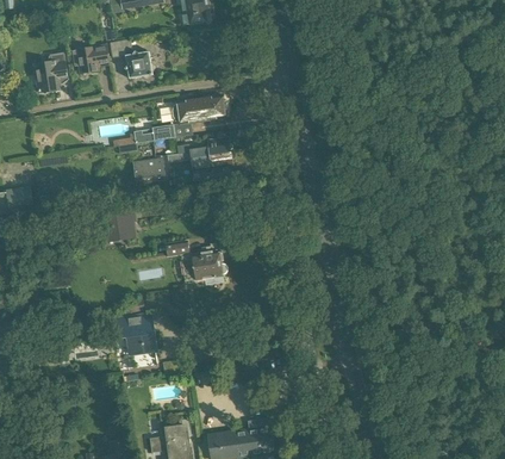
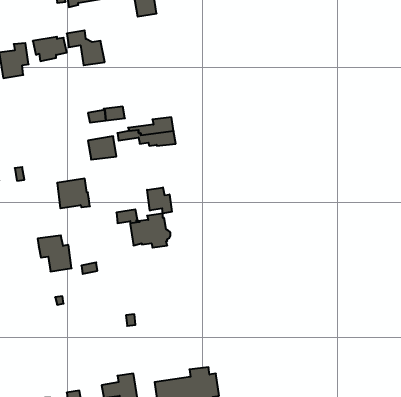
building: [177,93,225,123] -> none
building: none -> [147,187,172,214]
building: [117,312,155,353] -> [38,235,72,271]

